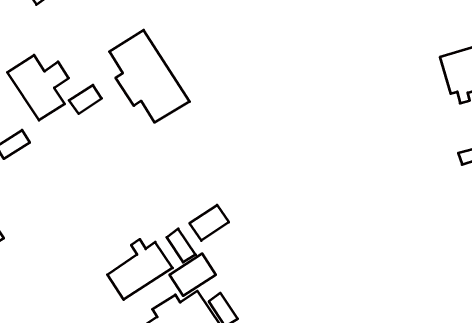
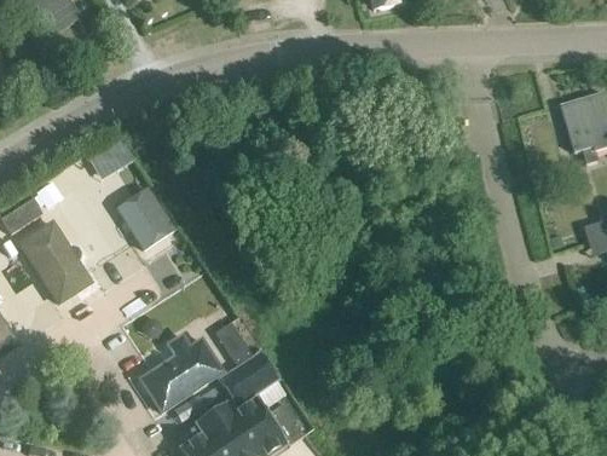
building: [109,30,190,122] -> none
building: [7,55,69,120] -> [18,220,96,302]
building: none -> [117,187,173,248]
building: [190,205,229,241] -> none

